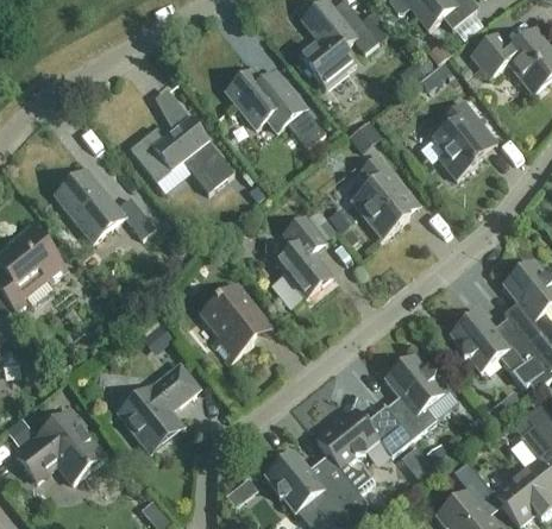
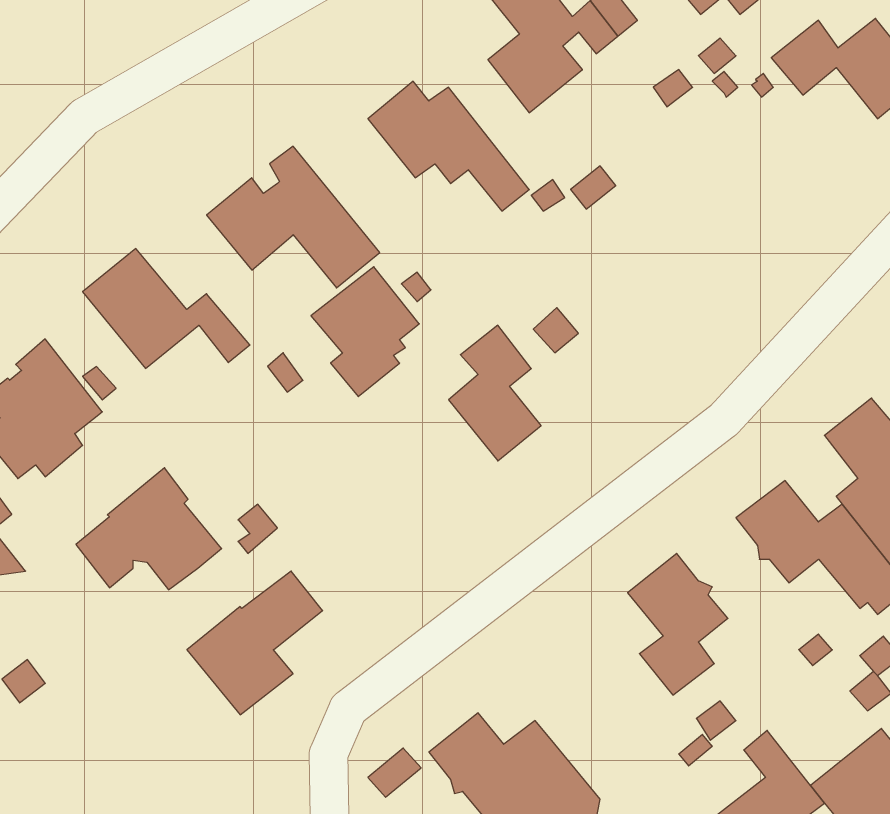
building: [431,100,496,178] -> none
building: [351,156,420,238] -> none
building: [199,283,264,361] -> [311,267,419,397]
building: [315,405,410,468] -> none
building: [15,408,104,481] -> [76,468,222,590]

